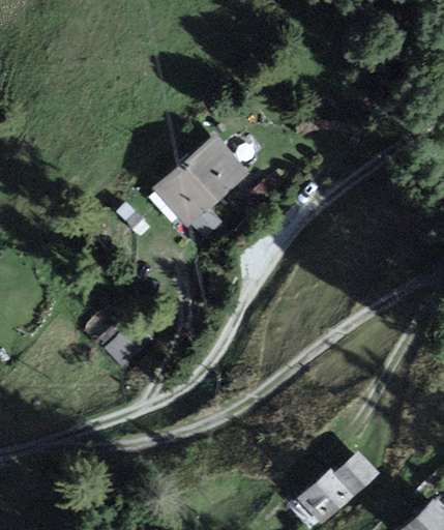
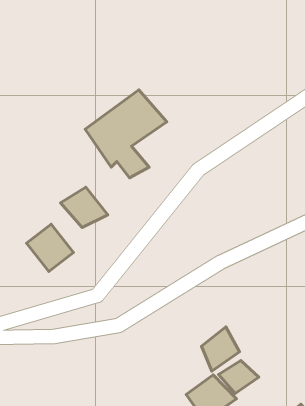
building: none -> [61,187,108,227]
building: none -> [201,327,239,371]

